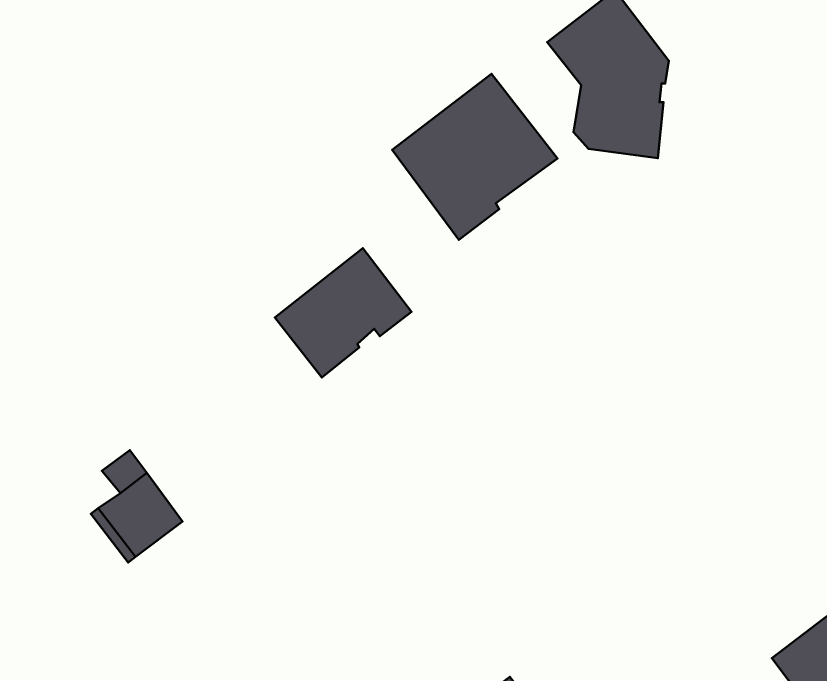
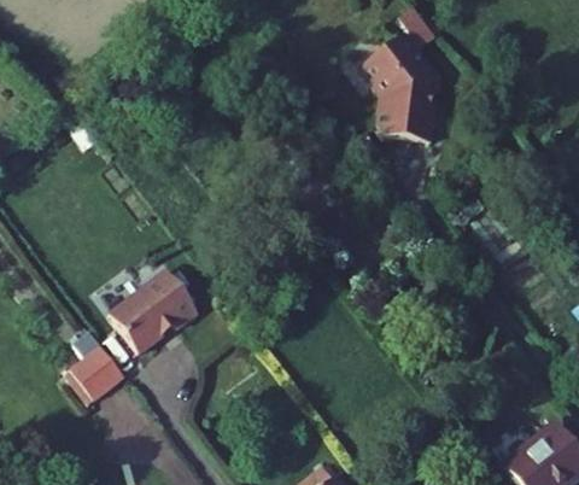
building: [392,74,557,240] -> none
building: [275,248,412,377] -> [110,269,198,352]

